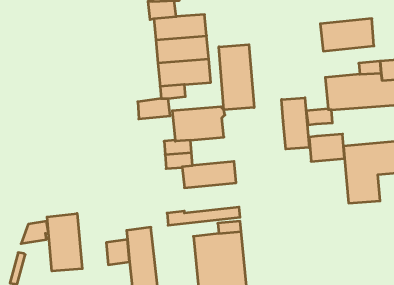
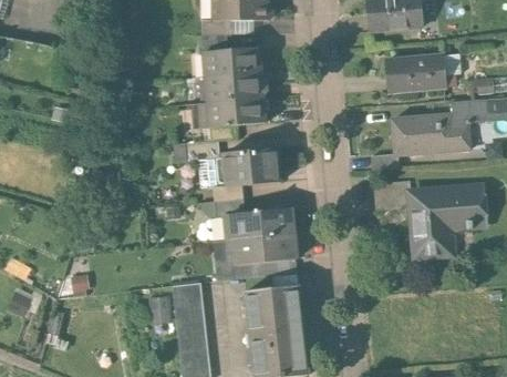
building: [219,45,254,110] -> none
building: [282,98,309,149] -> none
building: none -> [232,233,296,266]
building: [47,213,82,271] -> none

